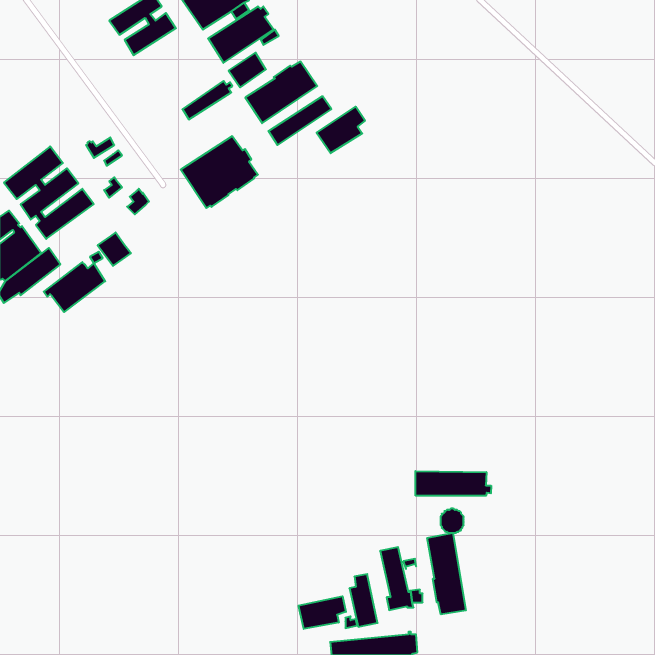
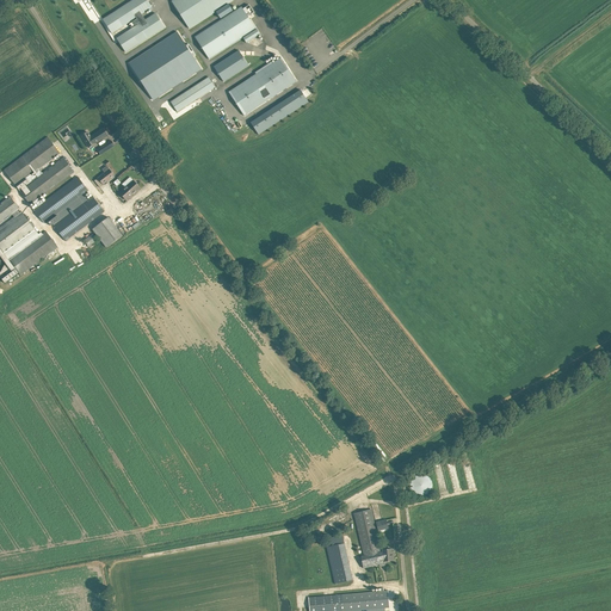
building: [317,107,365,153] -> none
building: [181,136,258,208] -> [128,31,199,98]
building: [44,262,105,312] -> [45,193,103,240]
building: [415,471,491,496] -> none
building: [427,533,466,614] -> none
building: [299,596,346,629] -> none

